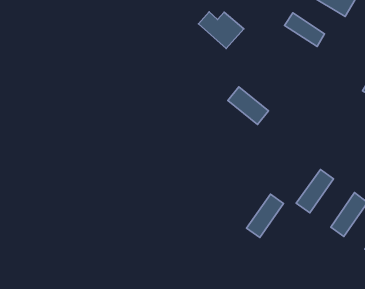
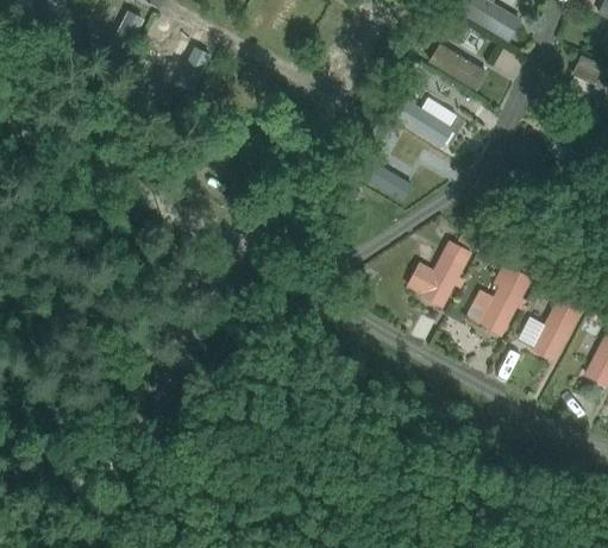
building: [198,12,244,48] -> [397,101,463,152]
building: [247,194,283,237] -> [421,239,469,302]

